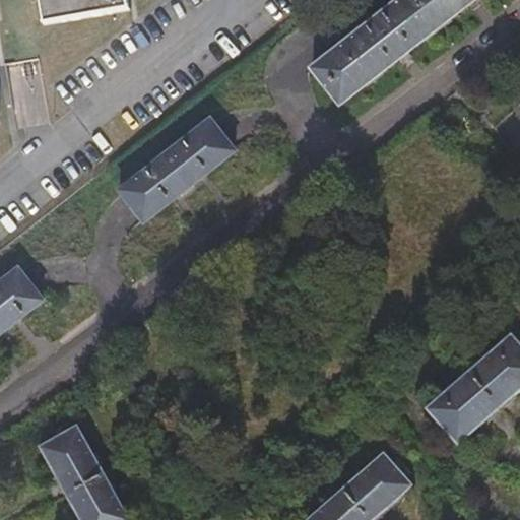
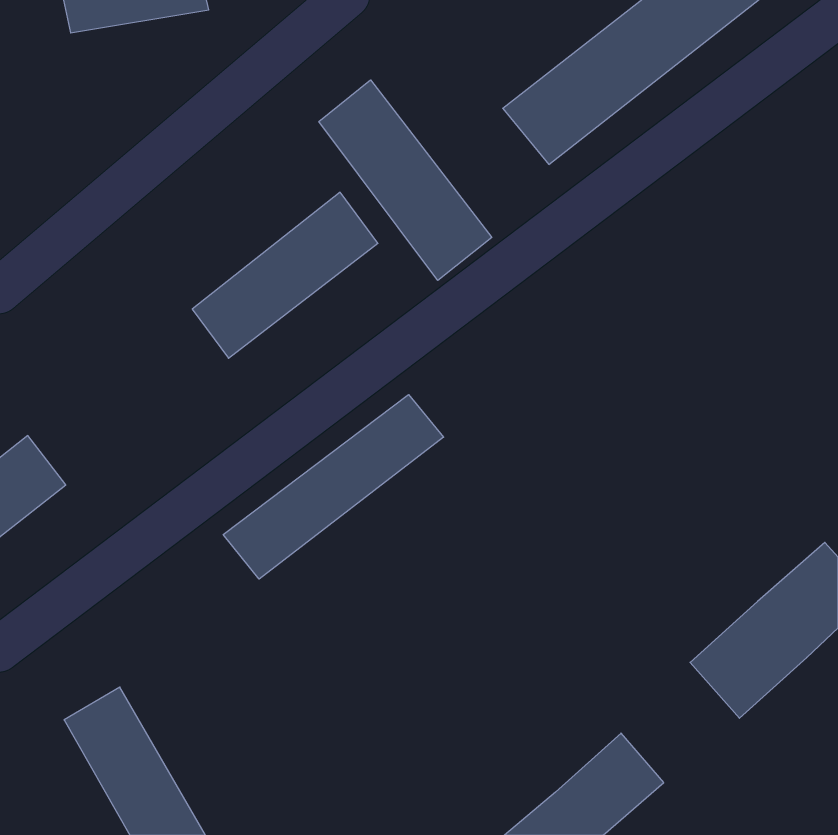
building: none -> [319,80,492,280]
building: none -> [223,395,444,579]

